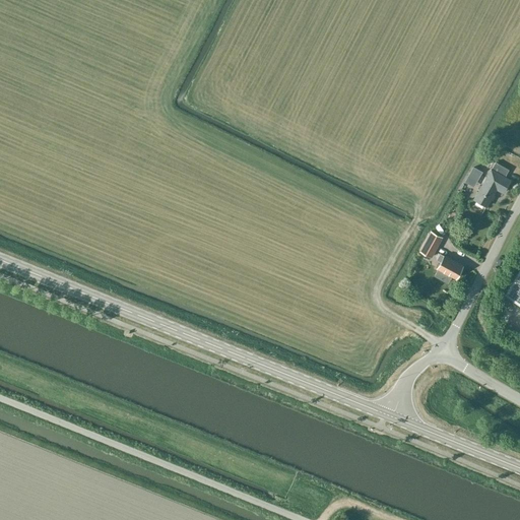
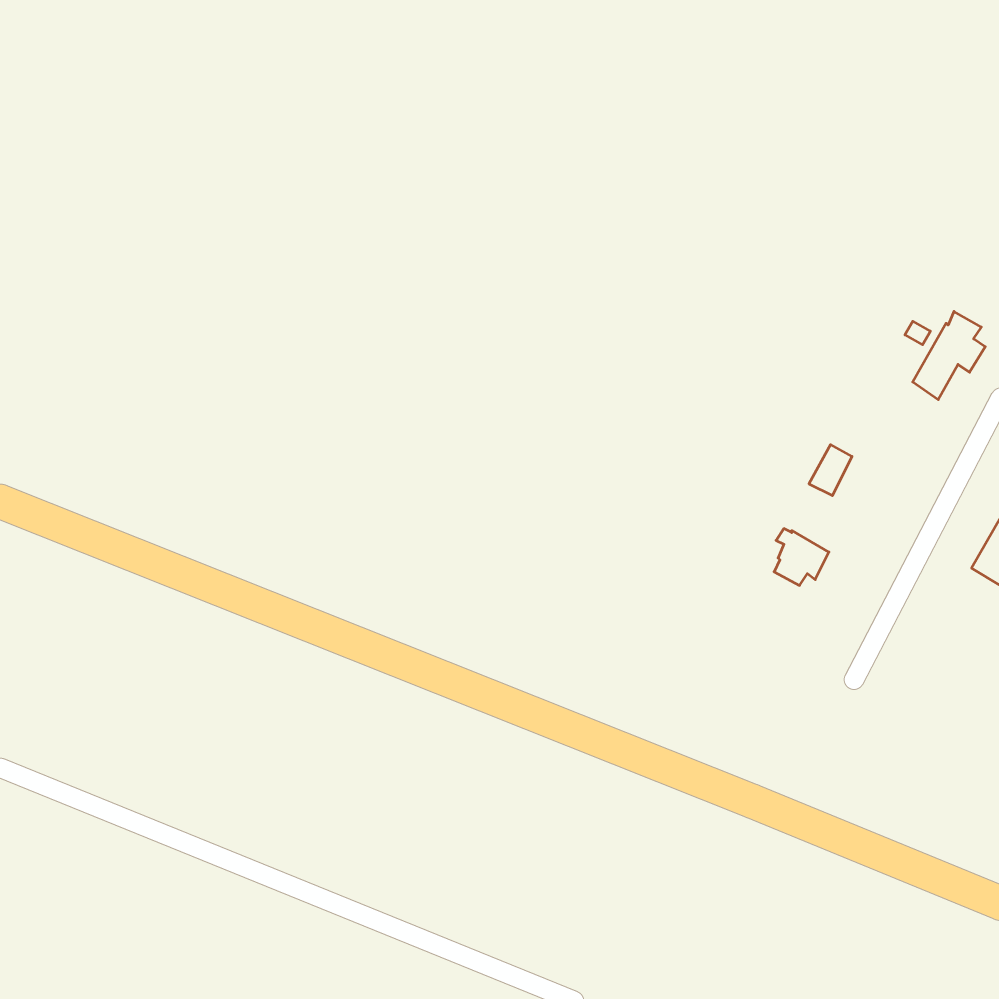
building: [436,254,464,283] -> [774,529,829,585]

